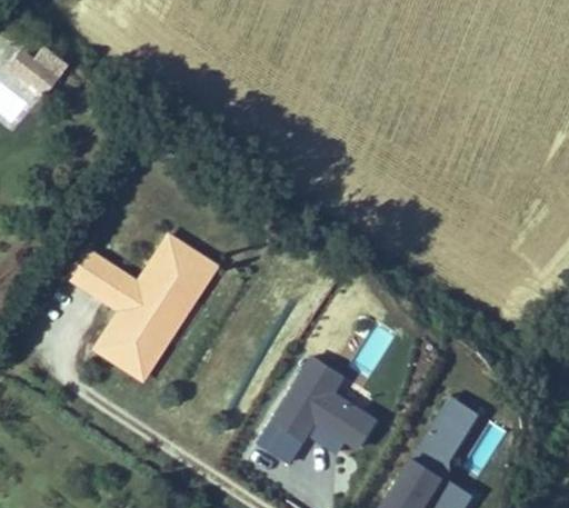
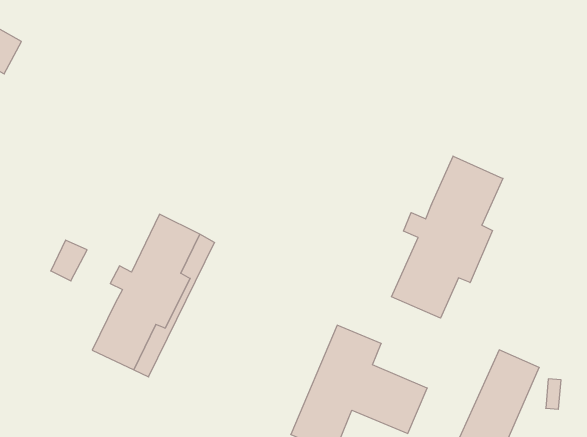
building: none -> [391,156,503,318]
building: [81,260,126,310] -> none

